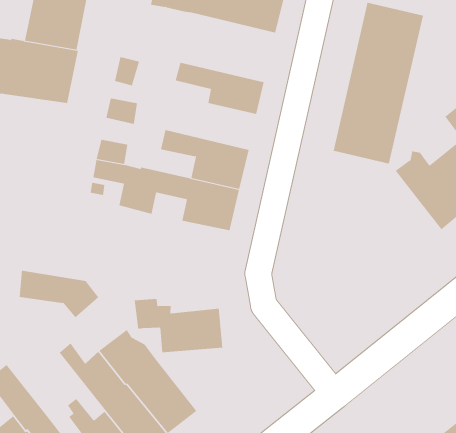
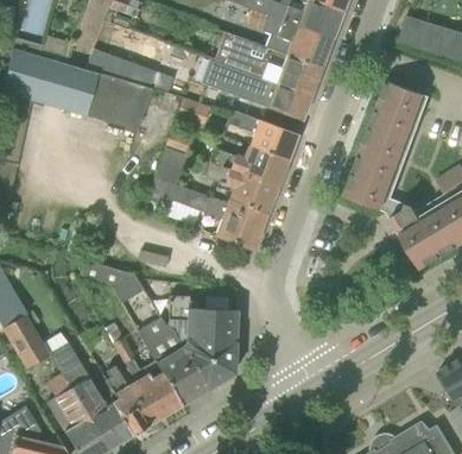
building: none -> [219,64,311,121]
building: none -> [213,145,287,187]
building: none -> [175,319,236,390]

